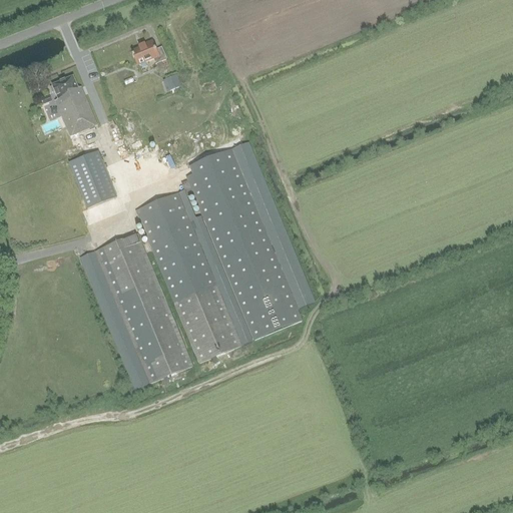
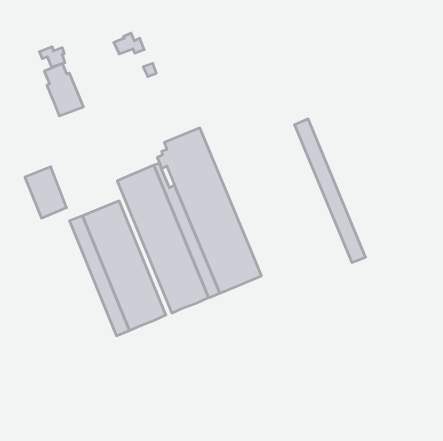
building: none -> [39,47,65,67]
building: [230,140,313,306] -> [294,119,366,262]
building: [68,149,116,208] -> [25,167,67,218]

